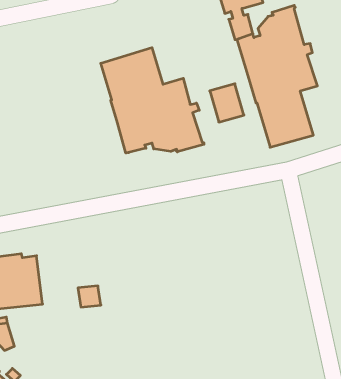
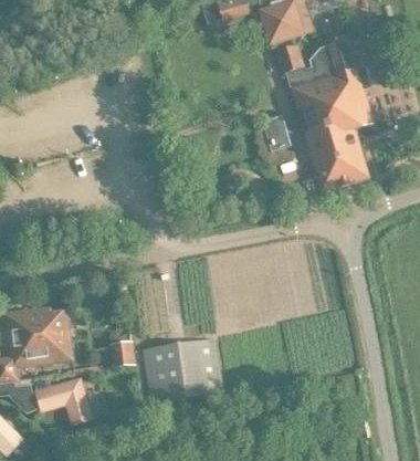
building: [101,48,204,153] -> none
building: none -> [140,338,223,413]
building: none -> [36,378,92,425]

